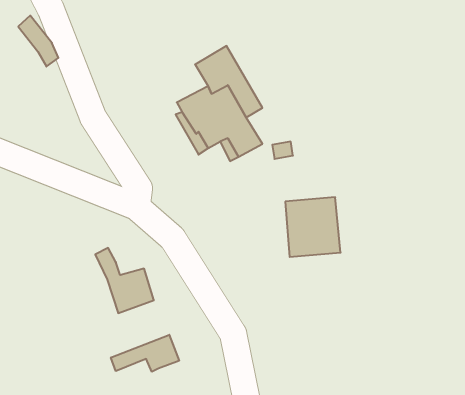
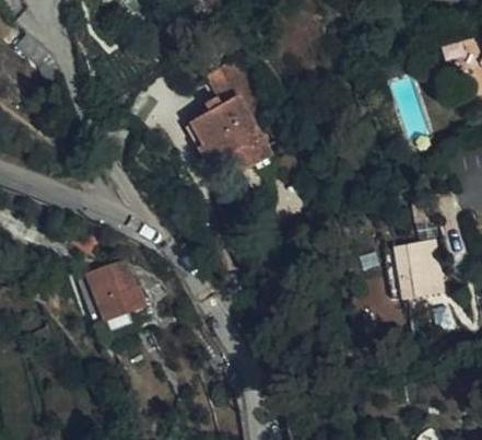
building: [285,197,341,257] -> [390,240,446,300]
building: [111,335,179,372] -> none

